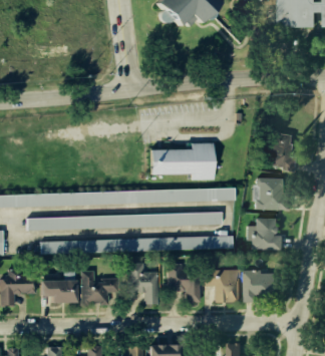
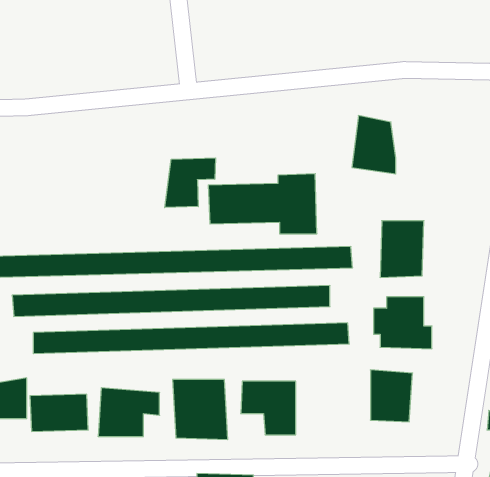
building: [269,132,296,168] -> [352,116,396,174]
building: none -> [165,158,215,208]
building: [206,268,247,306] -> none

